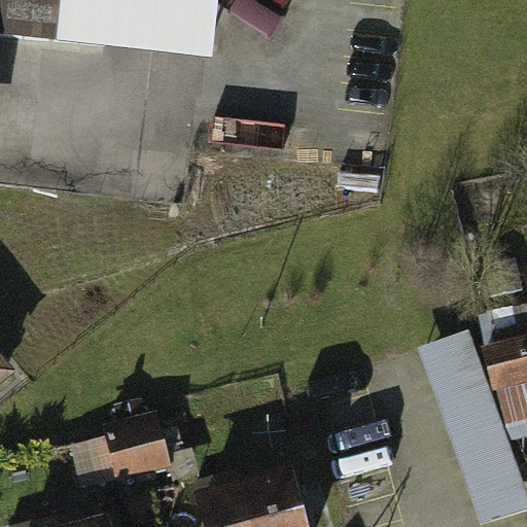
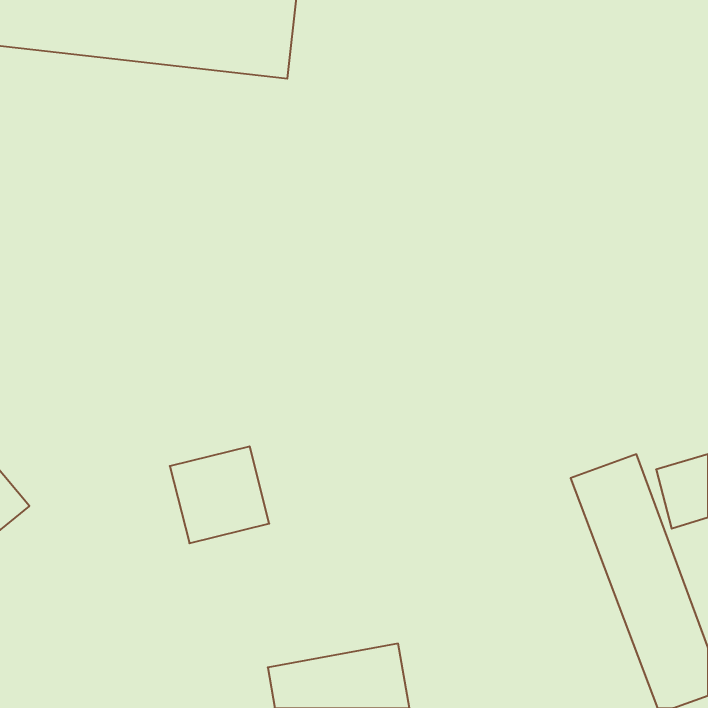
building: [99,409,172,480] -> [170,446,269,543]

